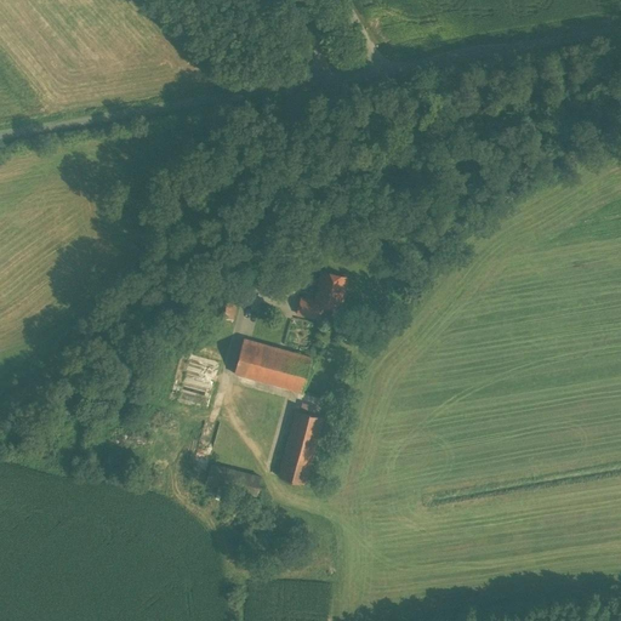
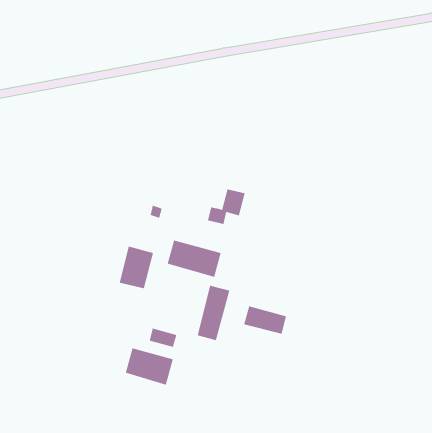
building: none -> [244,306,287,335]
building: none -> [125,347,174,385]

